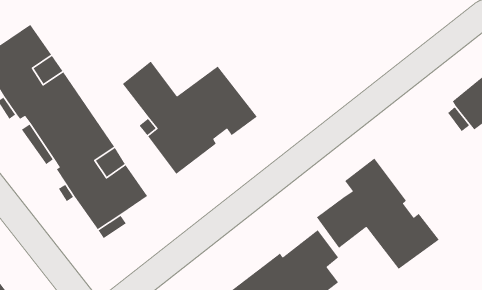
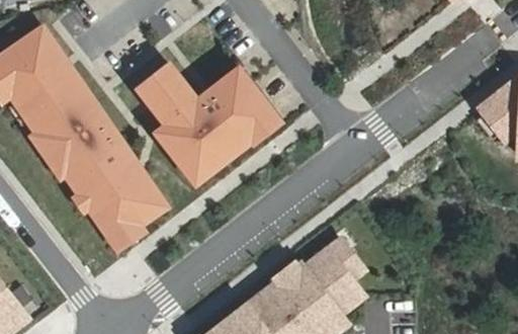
building: [316,158,440,270] -> none

